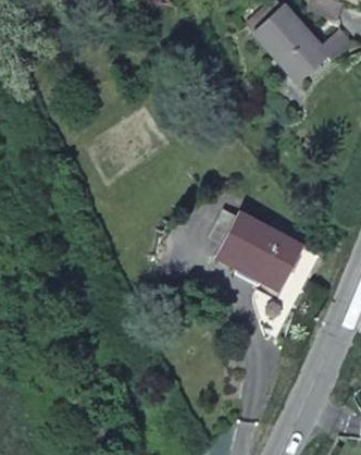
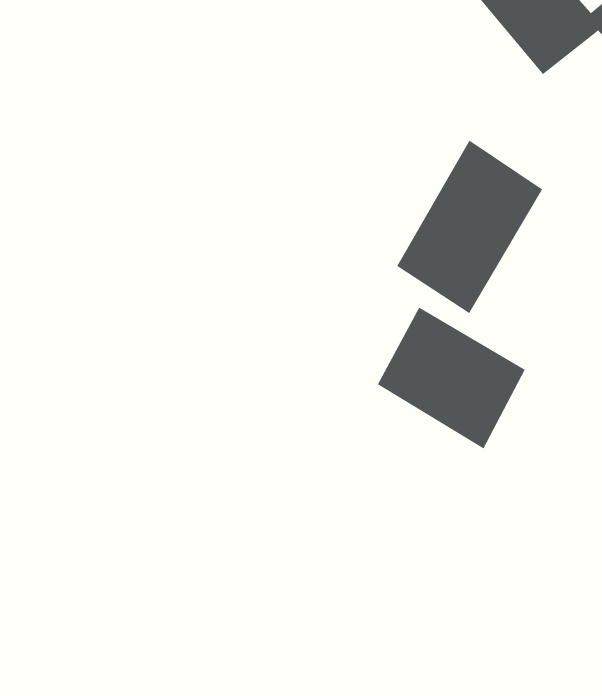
building: none -> [396,139,543,314]

